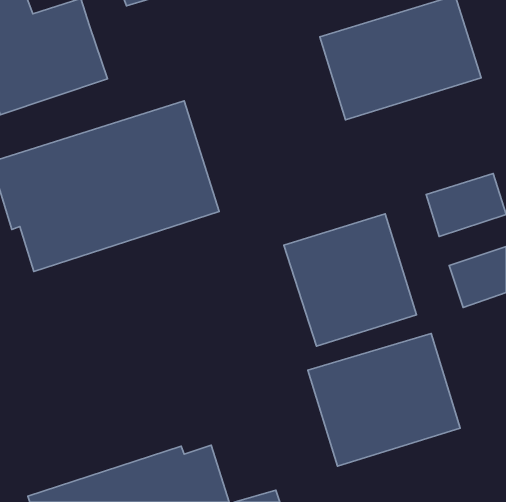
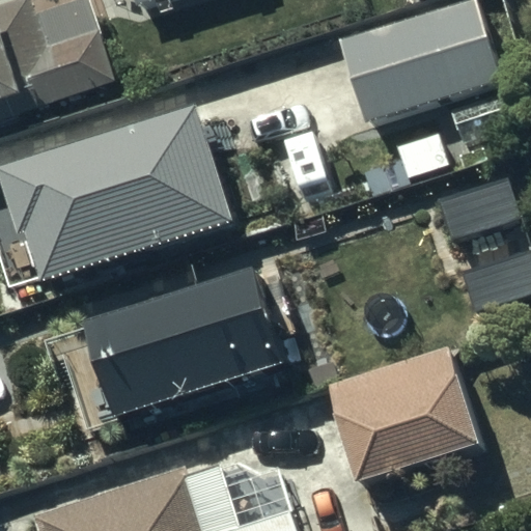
building: [284,214,416,346] -> none
building: none -> [96,282,298,434]

